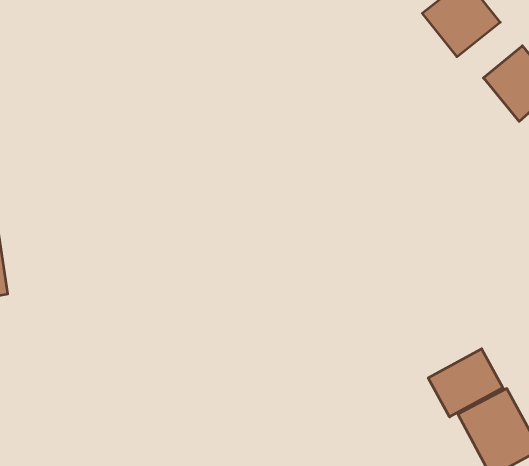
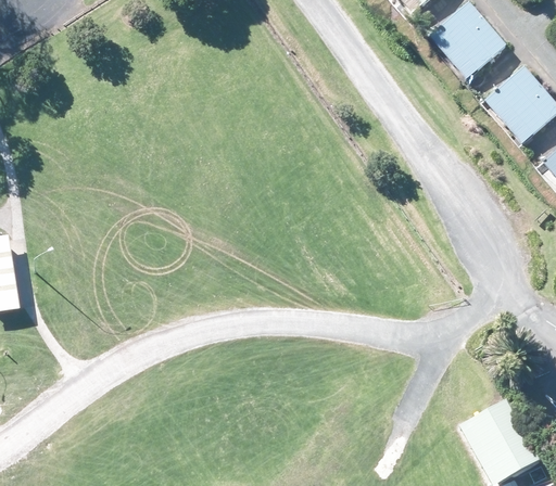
building: [428,349,503,417] -> none

